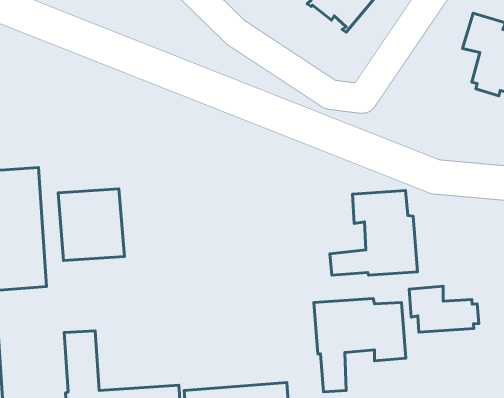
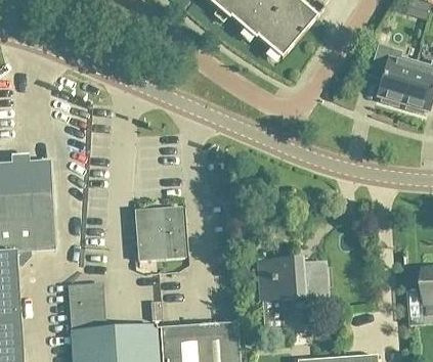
building: [58,189,124,261] -> [135,207,185,261]
building: [330,190,418,275] -> none
building: [409,286,479,332] -> none

